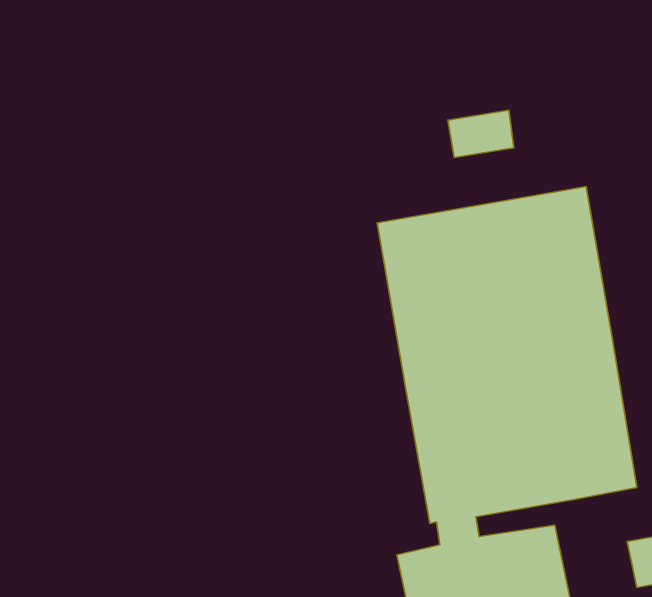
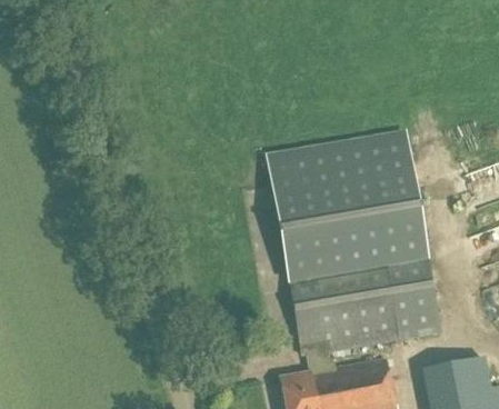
building: [448,110,514,157] -> none

